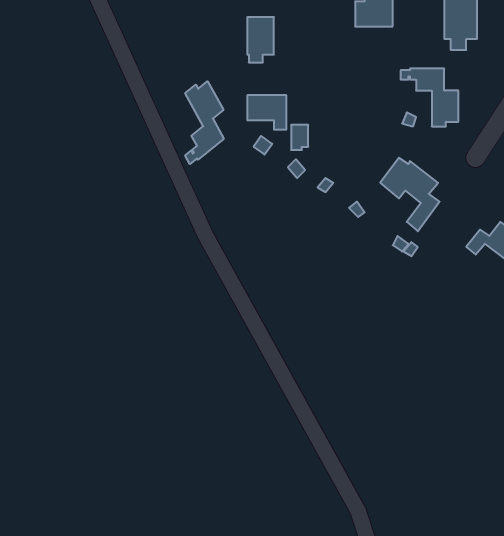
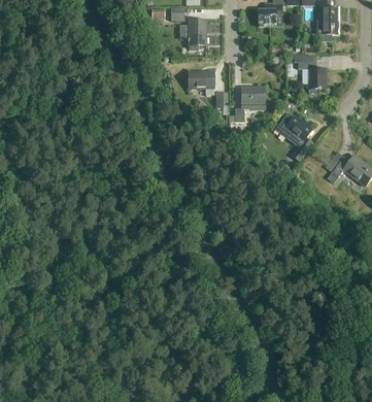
building: [185,81,224,164] -> none
building: none -> [229,87,265,122]

